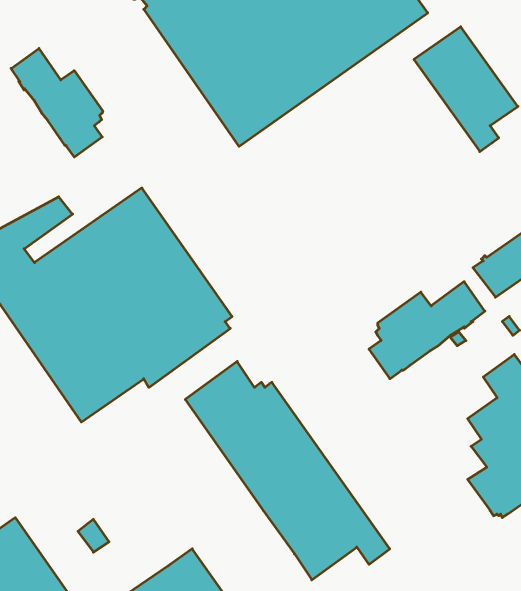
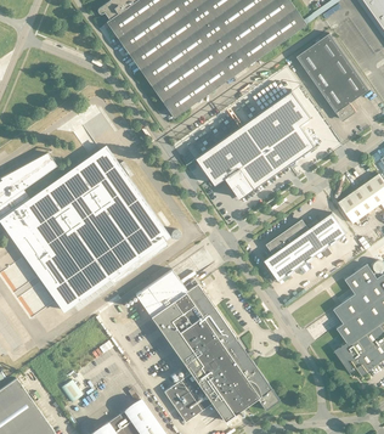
building: [11,48,103,157] -> none
building: none -> [196,90,315,198]
building: none -> [163,372,211,421]

